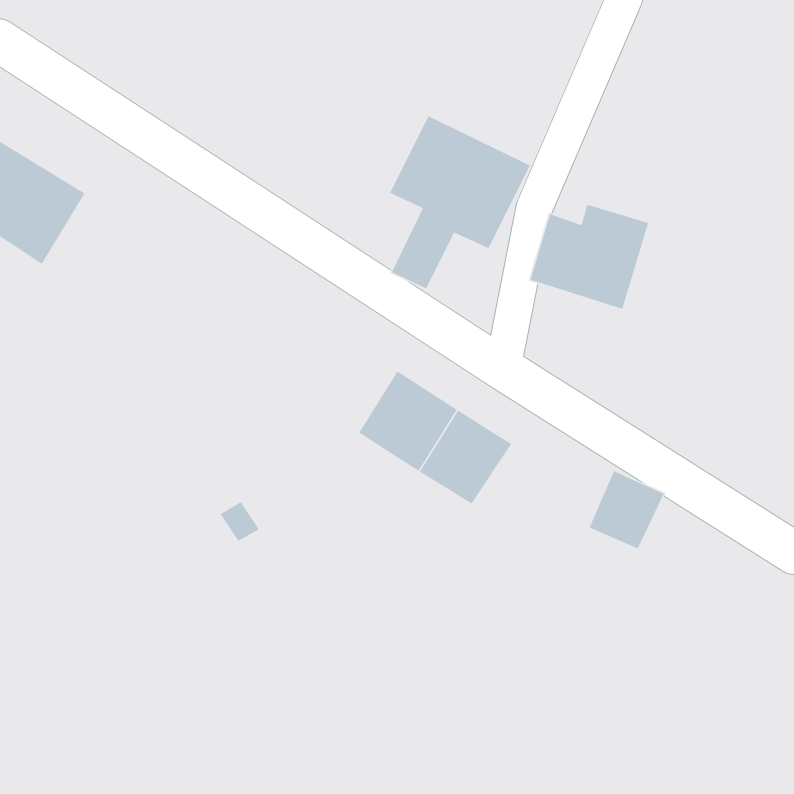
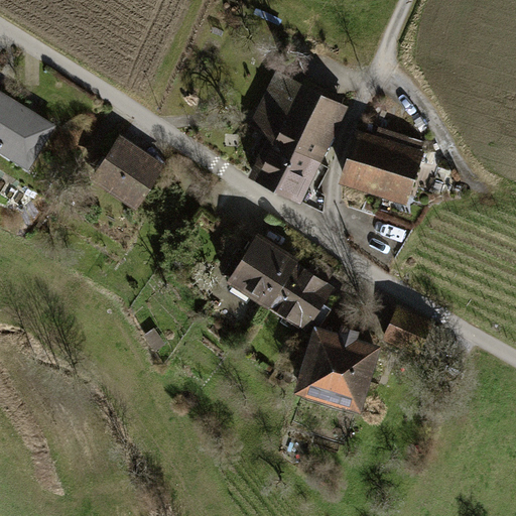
building: none -> [89,135,165,211]
building: none -> [276,151,316,199]
building: none -> [299,329,378,407]

